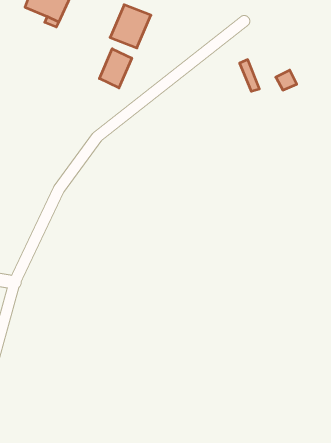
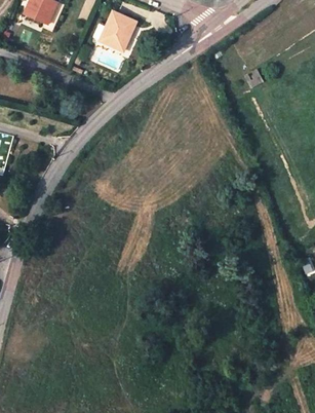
building: [99,49,132,88] -> none

